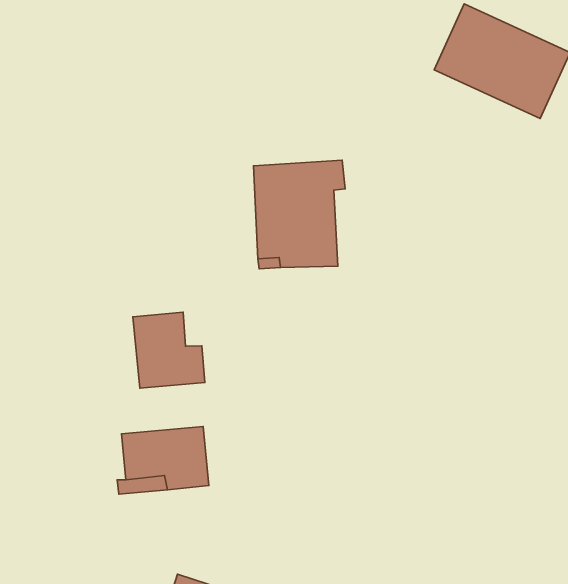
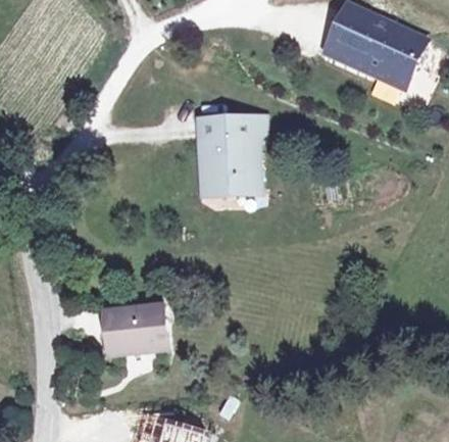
building: [133,312,205,388] -> none

